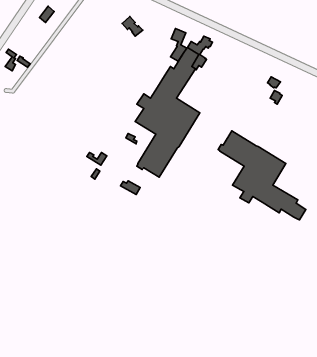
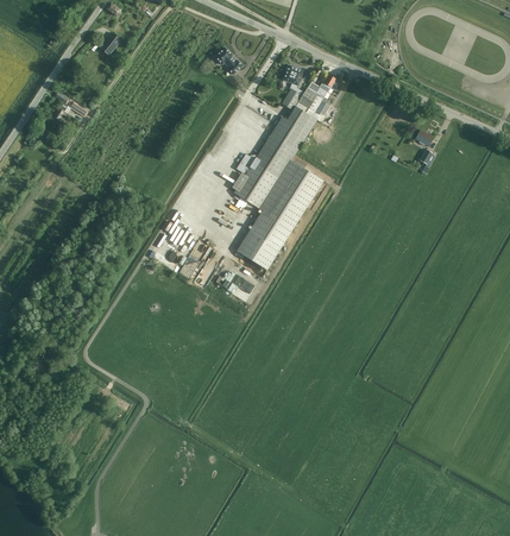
building: [218,131,306,220] -> none

